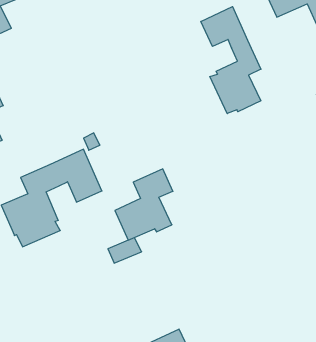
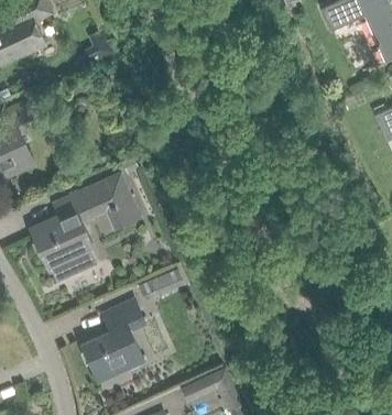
building: [201,7,261,114] -> none
building: [115,169,173,240] -> [83,301,145,378]

